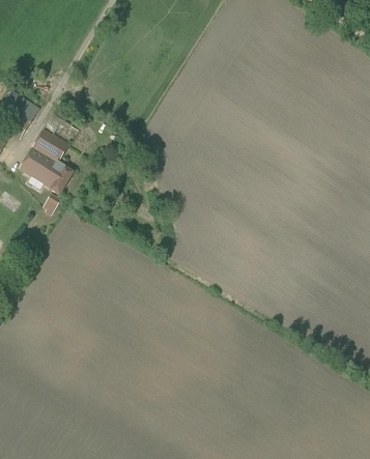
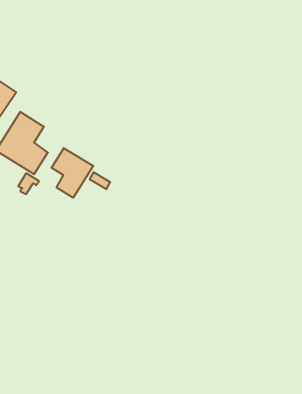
building: none -> [51,148,93,198]

